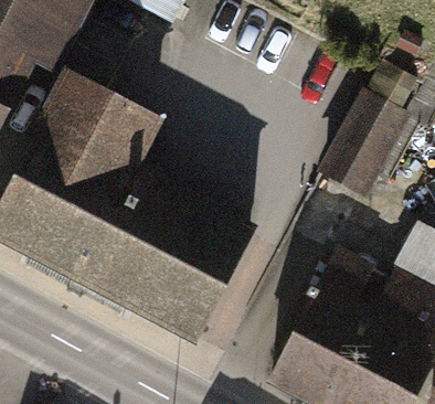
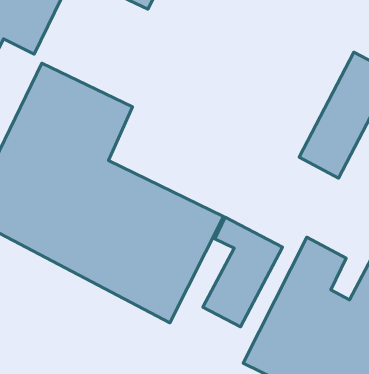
building: none -> [203,217,283,327]

